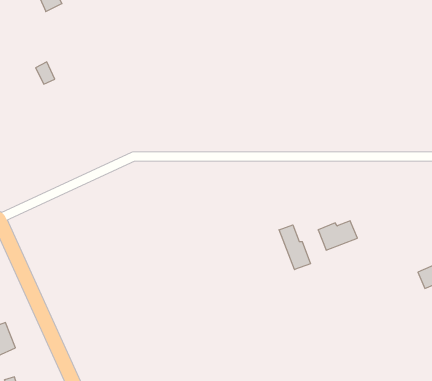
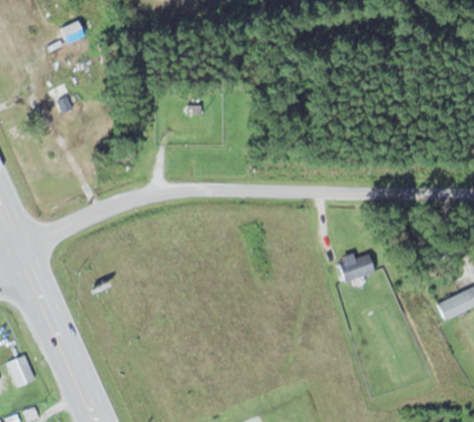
building: [279,225,311,270] -> none

